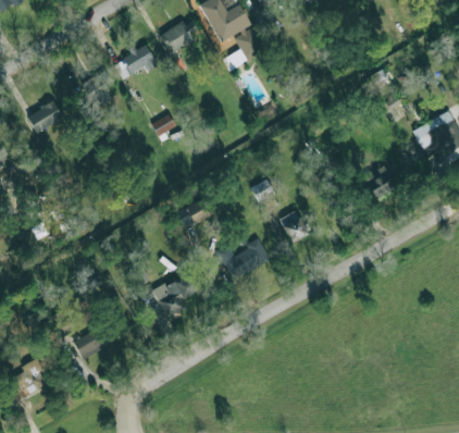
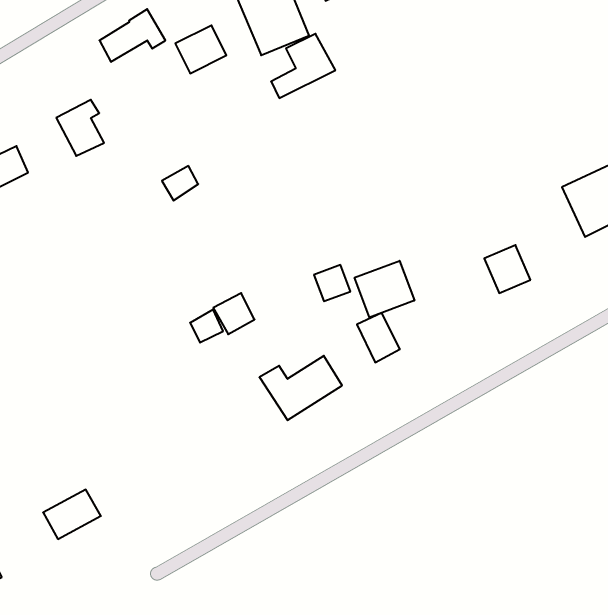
building: [114,45,158,79] -> [99,9,165,62]
building: none -> [355,261,414,317]
building: [152,273,197,319] -> none

